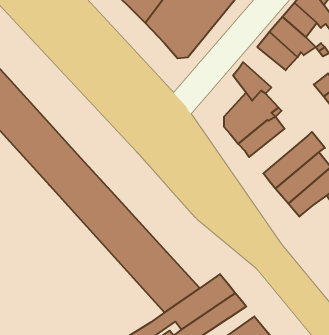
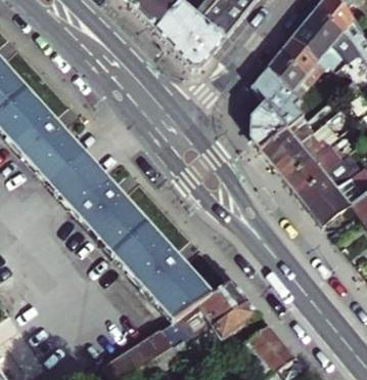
building: none -> [262,51,305,92]
building: none -> [268,124,328,179]

